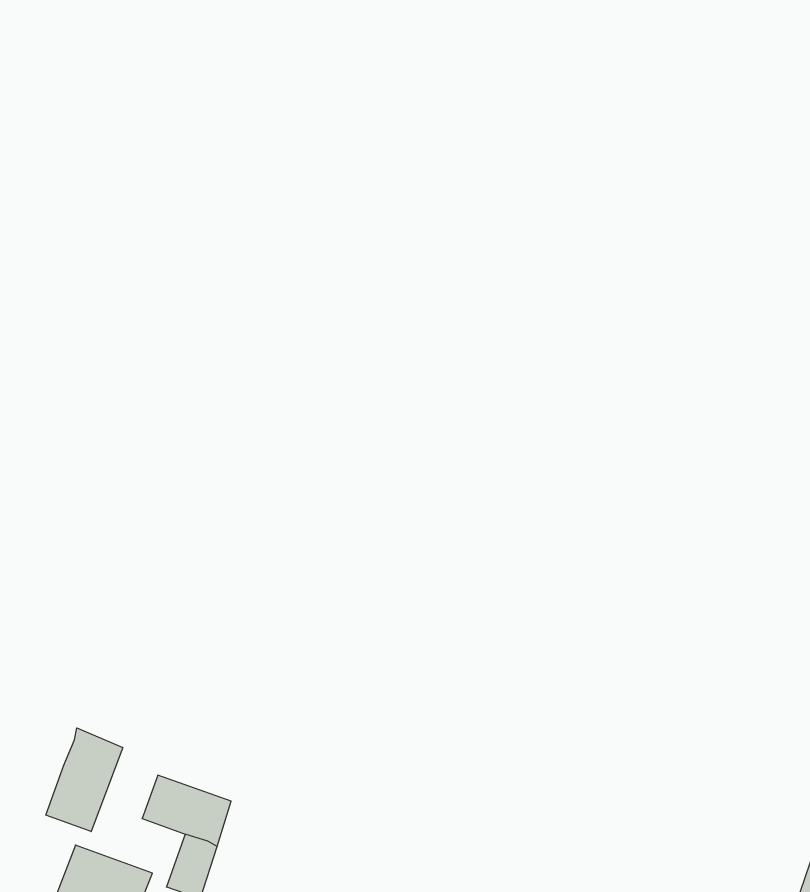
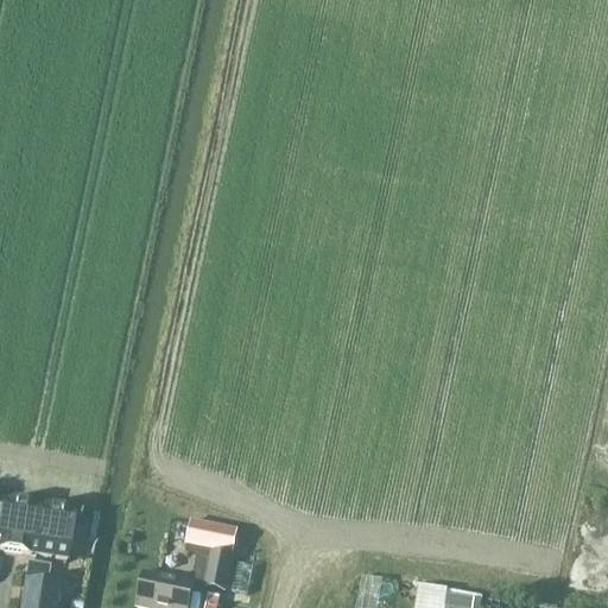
building: [46,728,123,832] -> none

